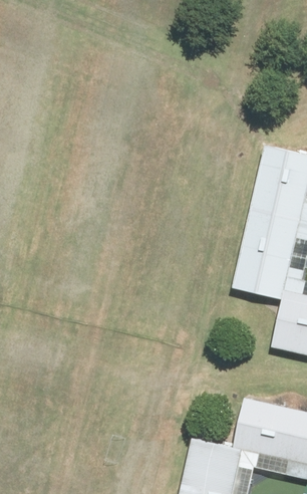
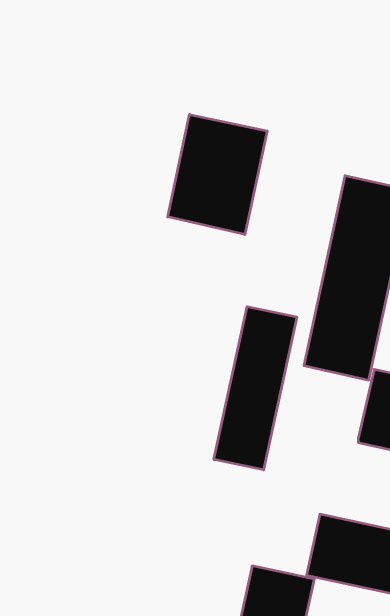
building: none -> [168,114,267,235]
building: none -> [214,307,297,470]

